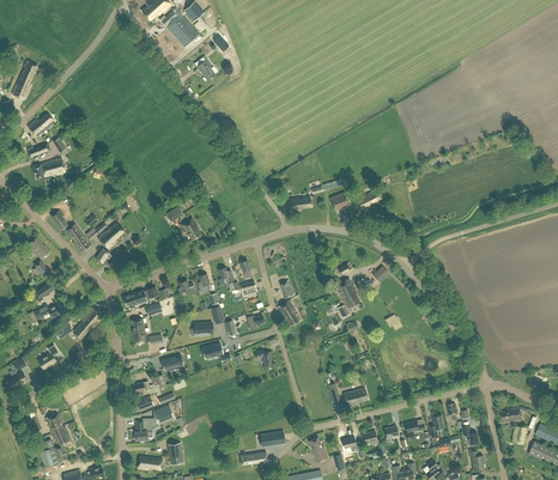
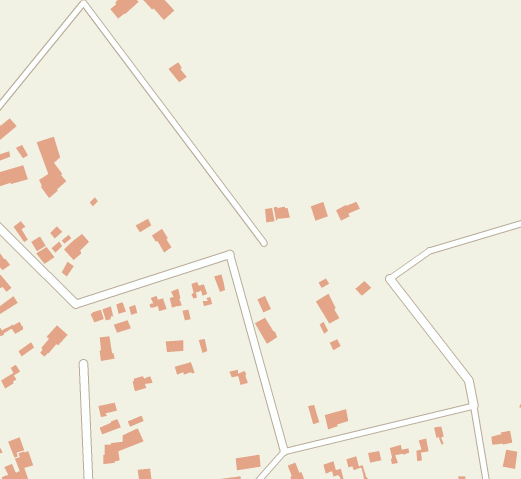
building: [160,8,199,47] -> none
building: none -> [36,136,67,199]

